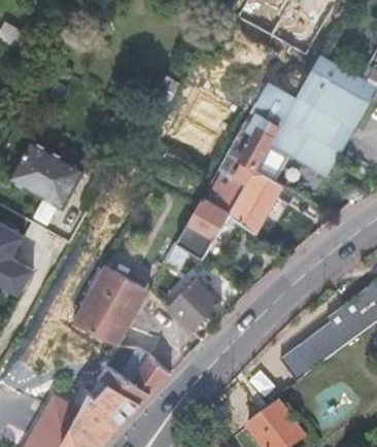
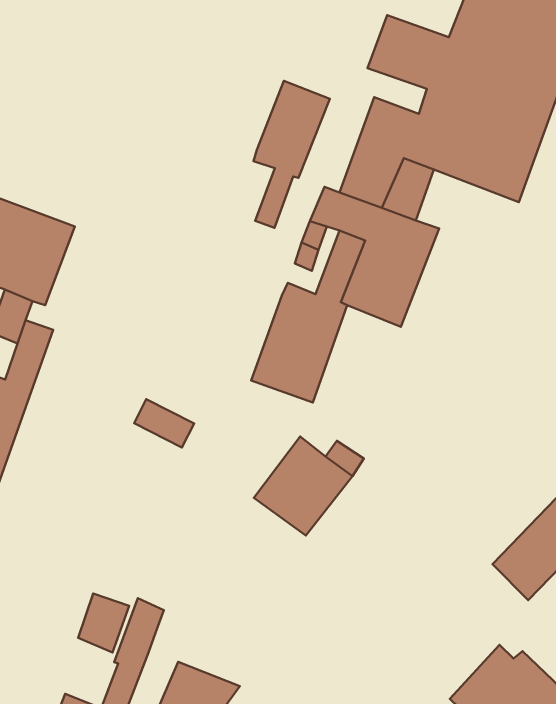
building: none -> [253,81,330,228]
building: [70,267,146,347] -> none
building: [96,350,167,405] -> none

